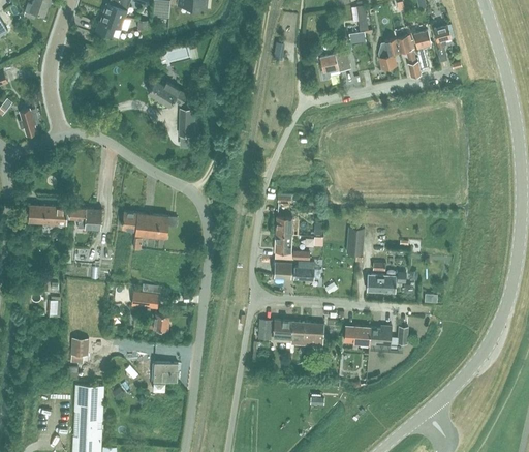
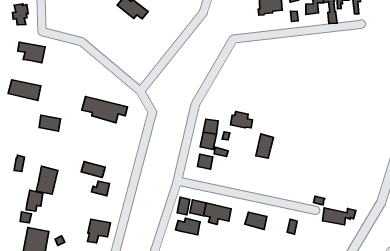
building: [179,110,194,137] -> none
building: [68,208,101,230] -> [18,42,45,63]
building: [293,263,319,281] -> [231,111,252,128]
building: [367,272,406,293] -> [322,208,356,225]
building: none -> [36,166,58,194]
building: [368,326,391,345] -> none
building: none -> [175,218,200,235]

